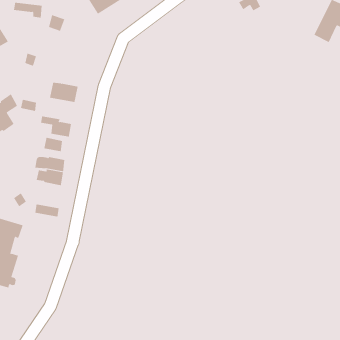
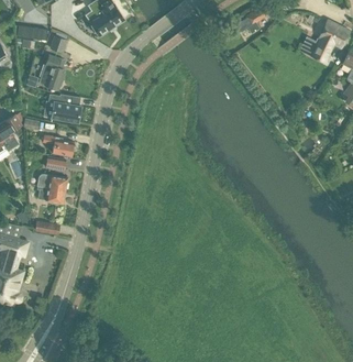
building: none -> [40,54,65,89]

